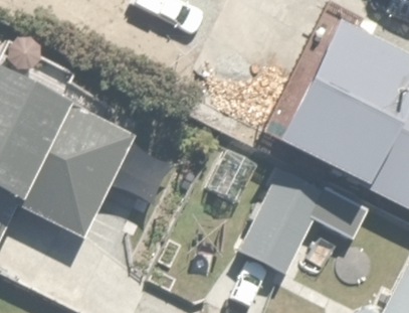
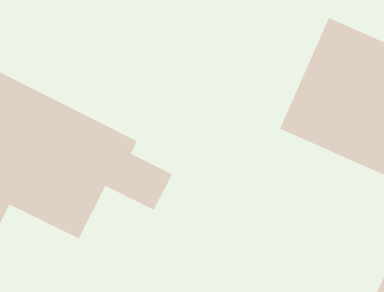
building: [238,166,371,276] -> none

